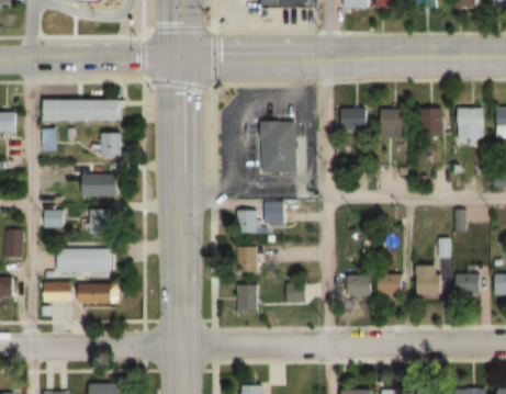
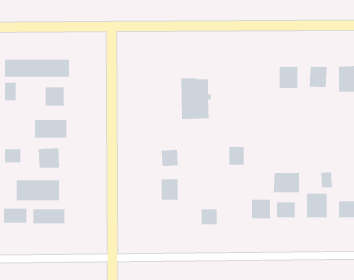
building: [340,108,367,131] -> none
building: [263,202,283,225] -> [229,147,244,165]
building: none -> [273,172,300,193]
building: [238,284,258,311] -> none

